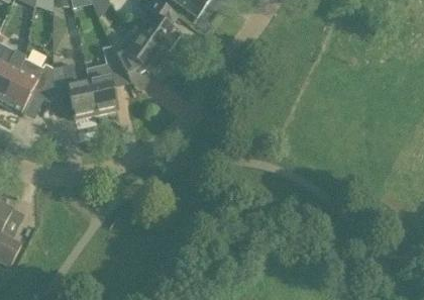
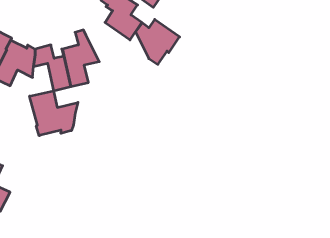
building: [114,35,168,90] -> [135,19,180,64]
building: none -> [30,91,78,136]

